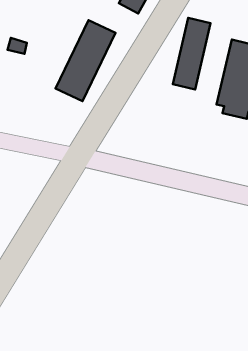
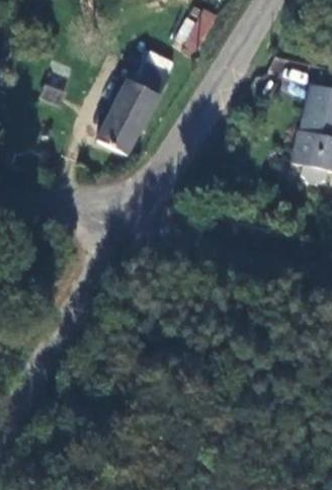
building: [173,18,211,90] -> none

